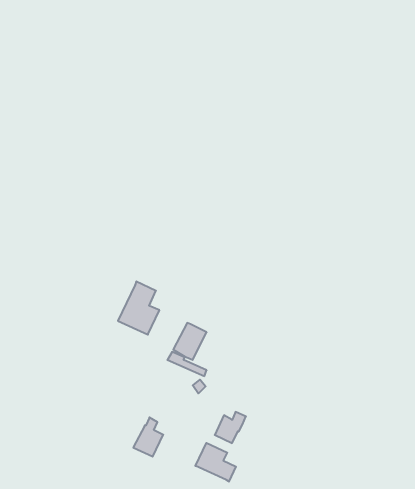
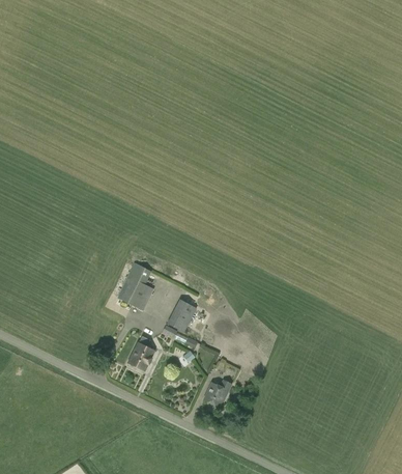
building: [133,417,163,457] -> [127,336,154,371]
building: [195,443,236,482] -> none

